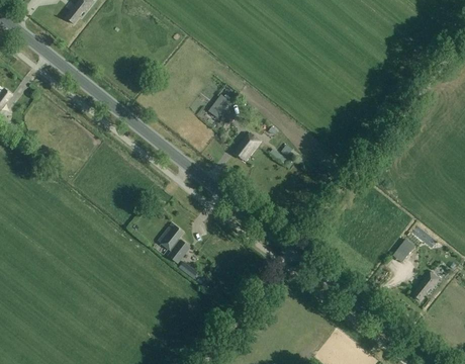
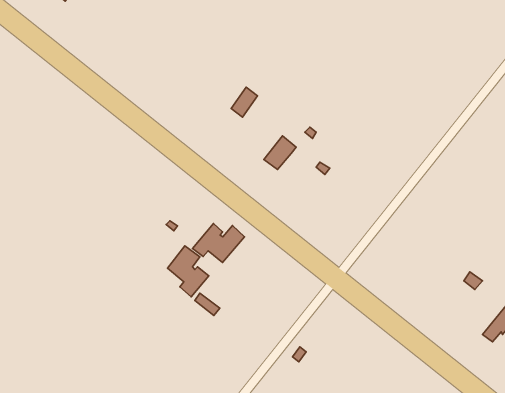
building: none -> [193,223,245,262]

